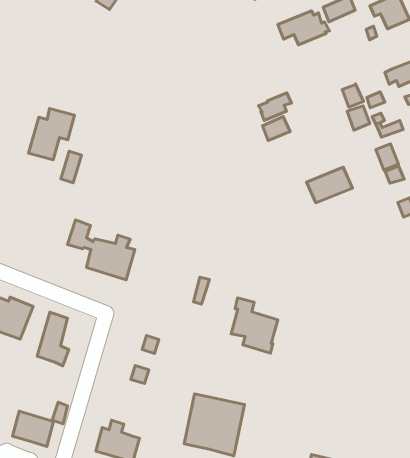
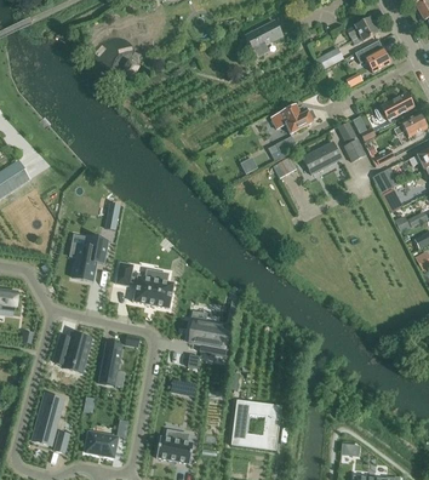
building: [278,11,329,45] -> [270,103,315,133]
building: [28,108,74,160] -> [72,236,108,280]
building: [306,167,352,203] -> [302,141,342,173]
building: [231,298,278,353] -> [190,310,229,355]

